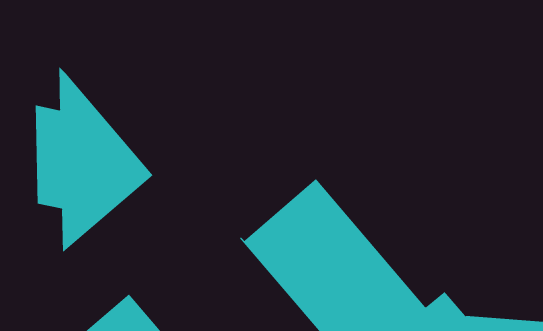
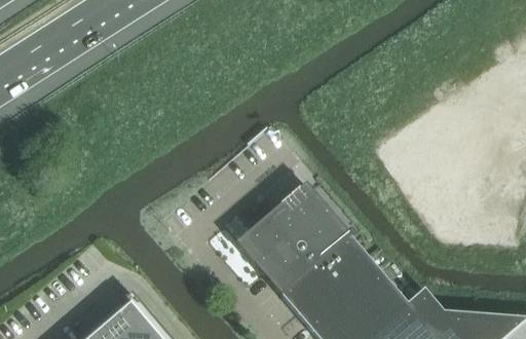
building: [35,66,154,253] -> none

